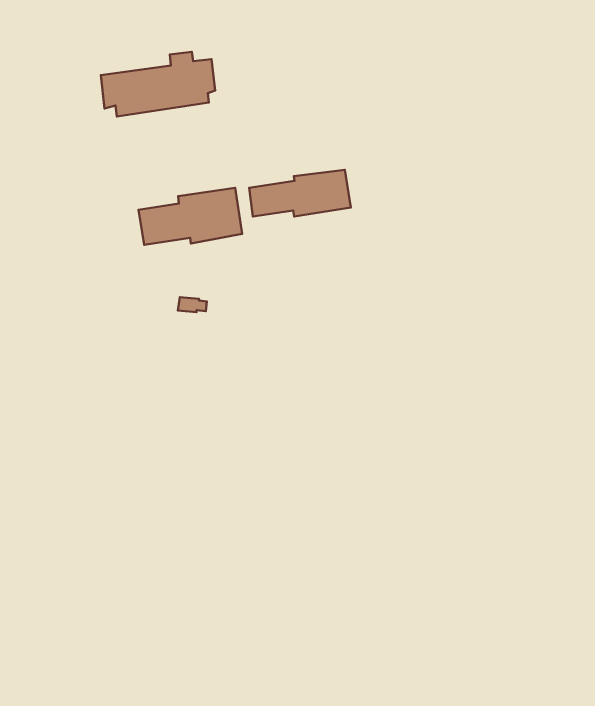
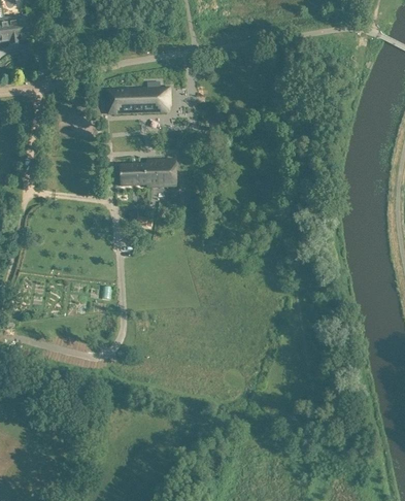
building: [249,170,351,216] -> none

